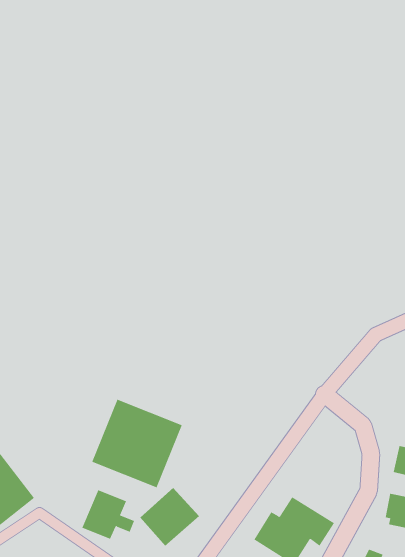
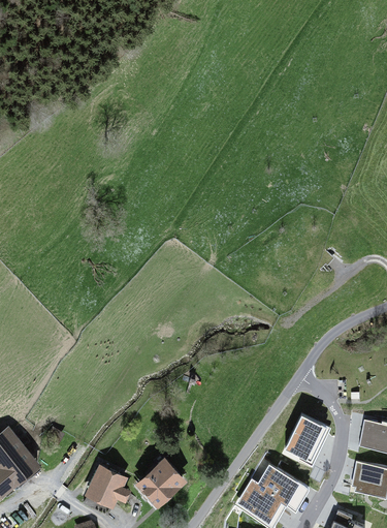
building: [92,399,182,488] -> none
building: none -> [286,416,327,462]

